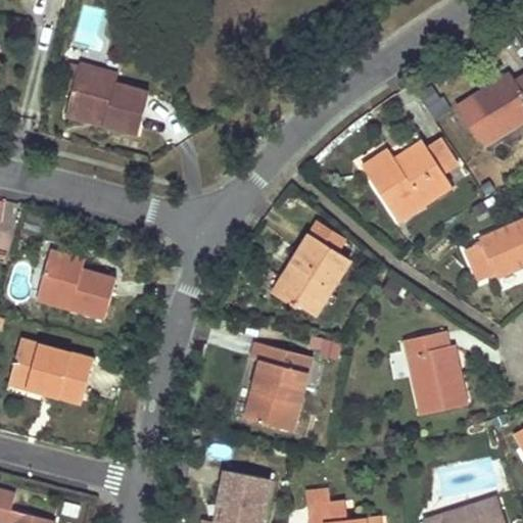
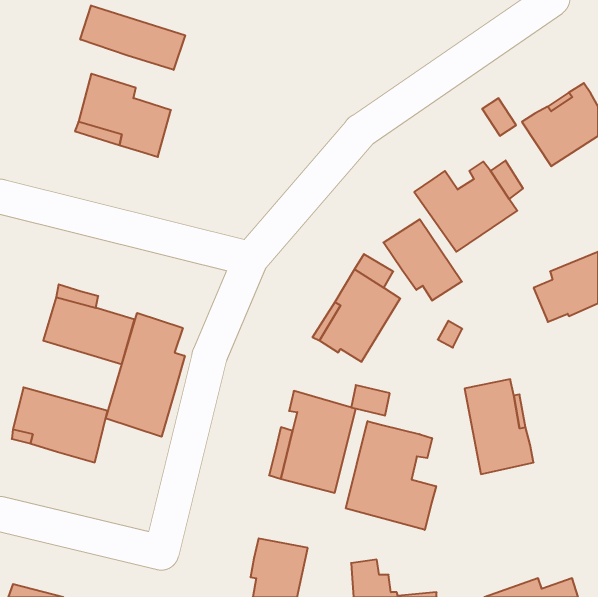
building: none -> [80,5,185,70]
building: none -> [383,219,462,301]
building: none -> [106,313,185,437]
building: none -> [346,421,436,530]

